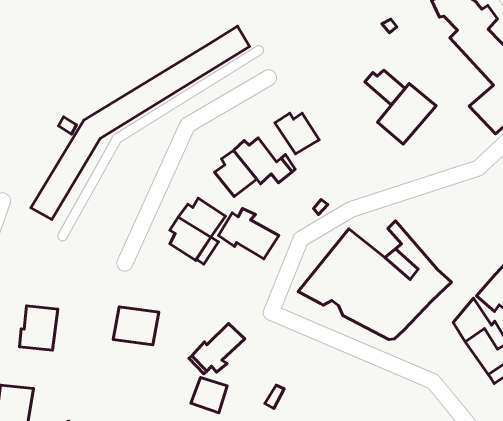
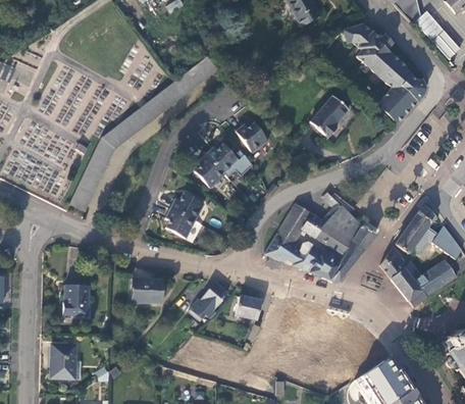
building: [365,70,405,105] -> none
building: [219,208,279,259] -> none
building: [191,378,227,413] -> [236,296,261,320]

